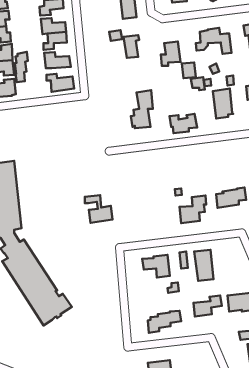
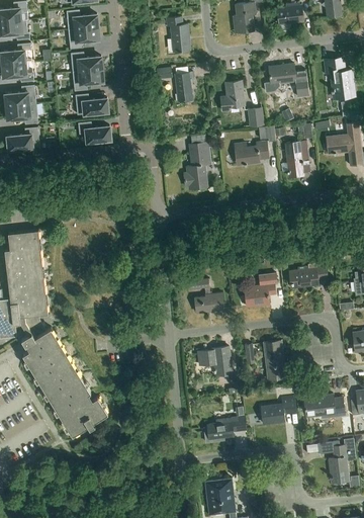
building: [15,52,28,82] -> none
building: [170,114,197,133] -> [235,141,269,165]
building: [85,195,112,223] -> [189,279,223,314]

